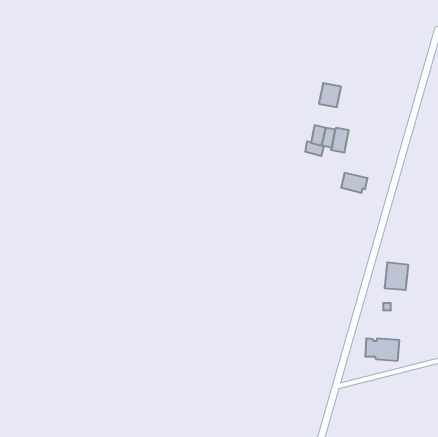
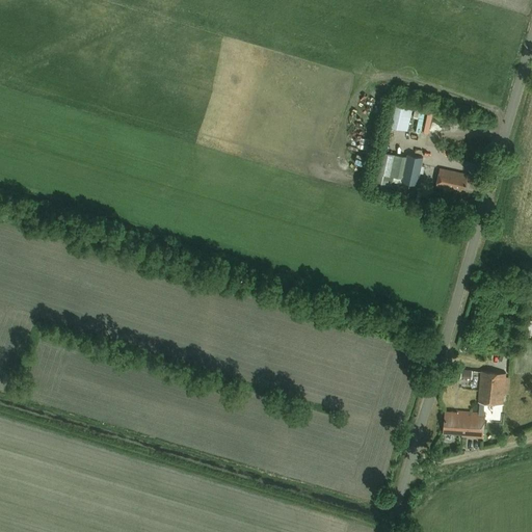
building: [341,173,368,193] -> [436,168,469,192]
building: [384,262,408,290] -> [477,371,506,404]

